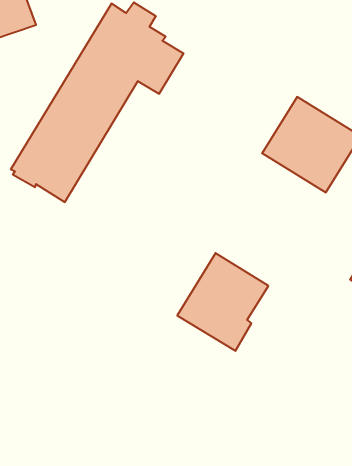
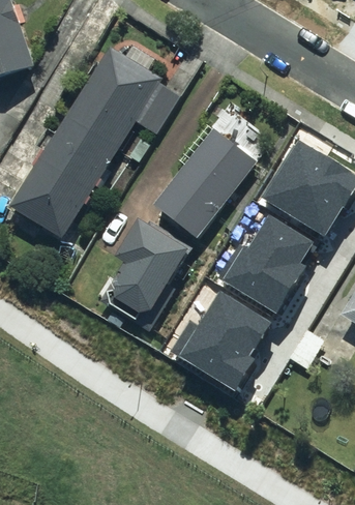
building: none -> [155,128,257,238]
building: none -> [216,214,307,309]
building: none -> [94,219,191,330]

